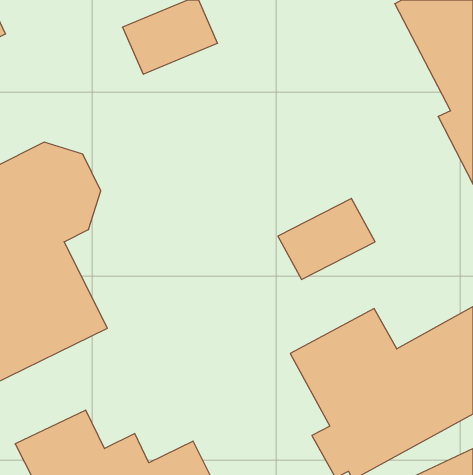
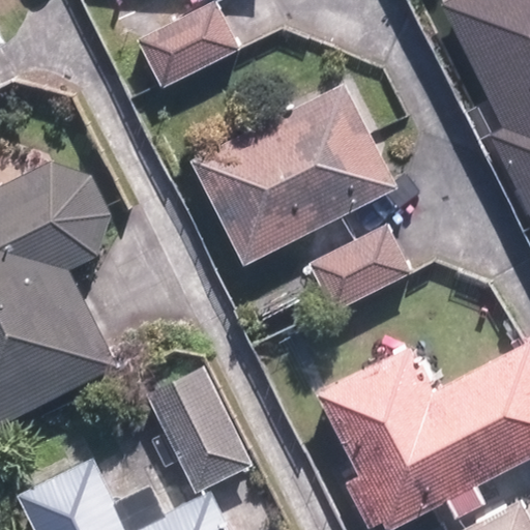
building: none -> [190,82,400,265]
building: none -> [148,365,254,493]

